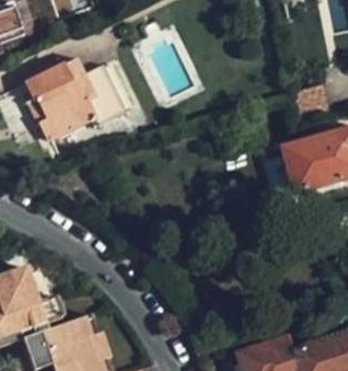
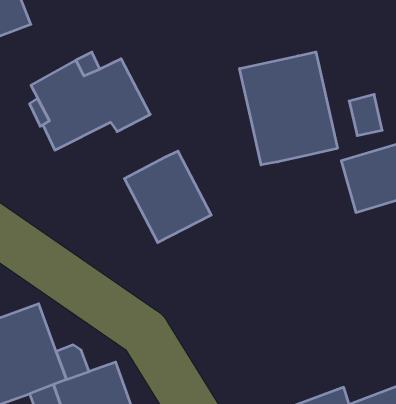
building: none -> [240,52,337,165]
building: none -> [124,151,211,243]

